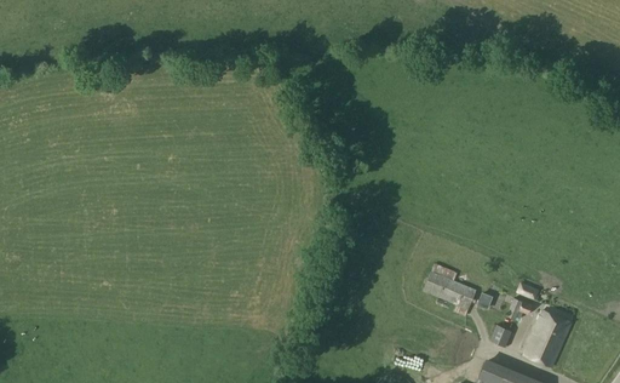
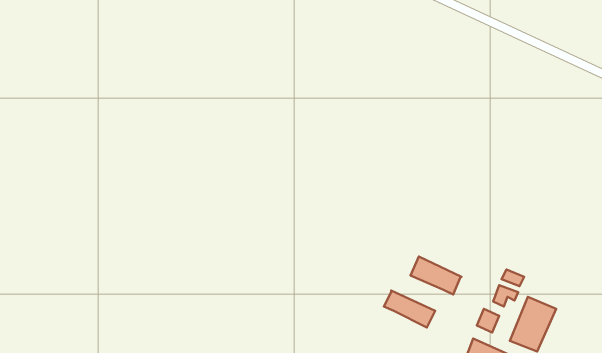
building: none -> [384,291,435,327]

